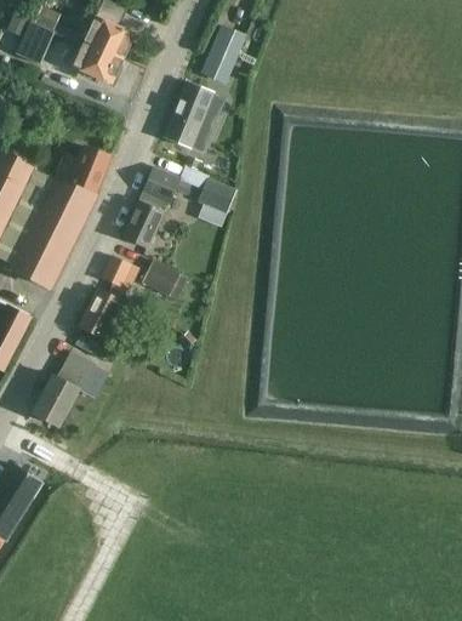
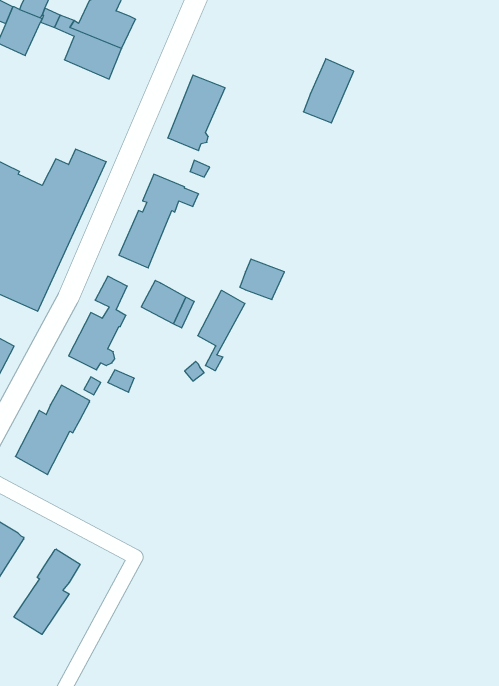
building: [201,25,245,81] -> [303,59,354,123]
building: [198,178,236,213] -> [240,259,284,300]
building: none -> [198,290,245,371]
building: none -> [14,549,80,634]

